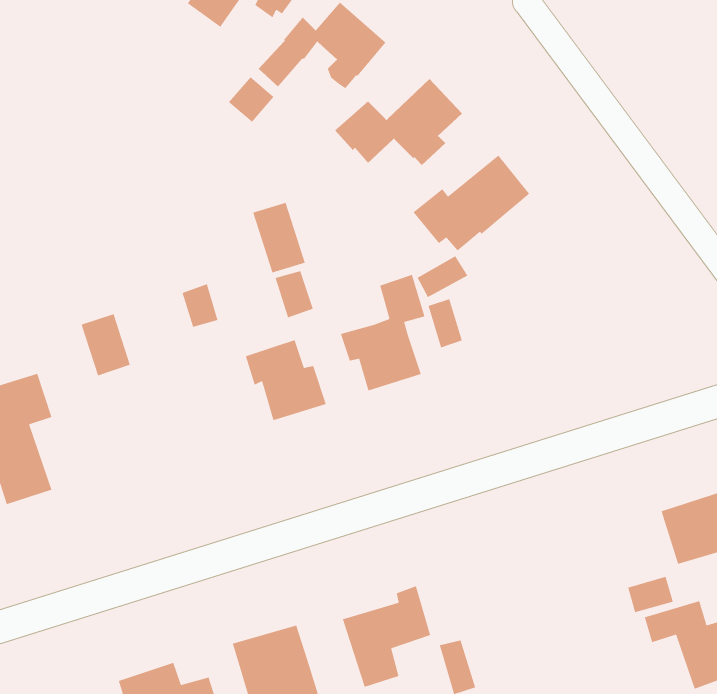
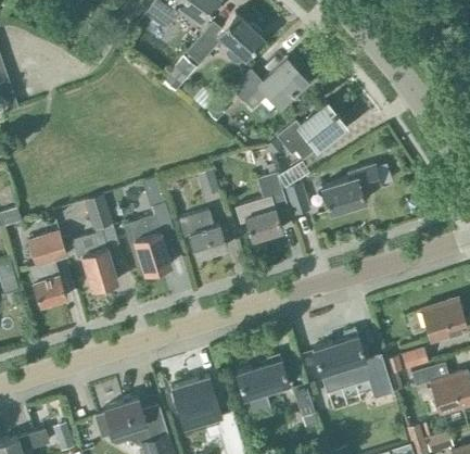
building: [252,202,306,273] -> none
building: none -> [321,166,382,214]
building: none -> [124,216,172,275]
building: none -> [72,232,117,291]
building: none -> [313,330,393,399]

